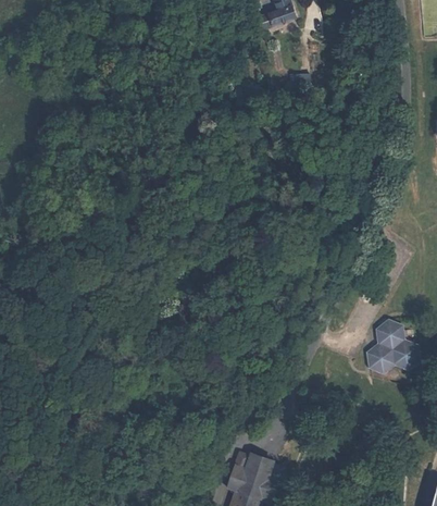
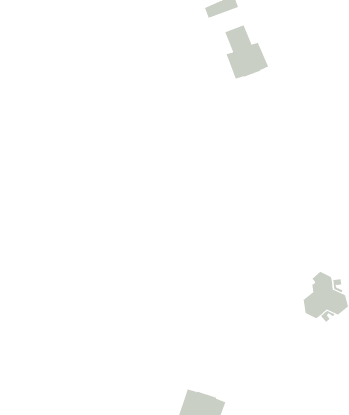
building: none -> [225,24,269,80]

